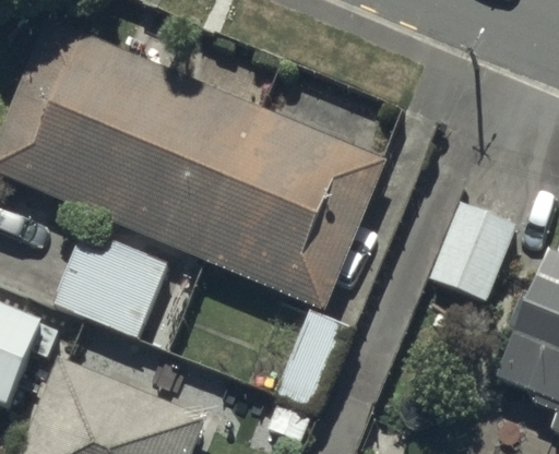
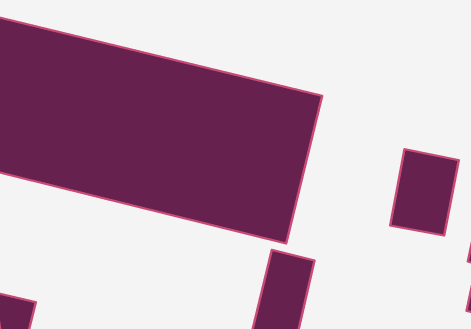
building: [50,226,168,340] -> none

